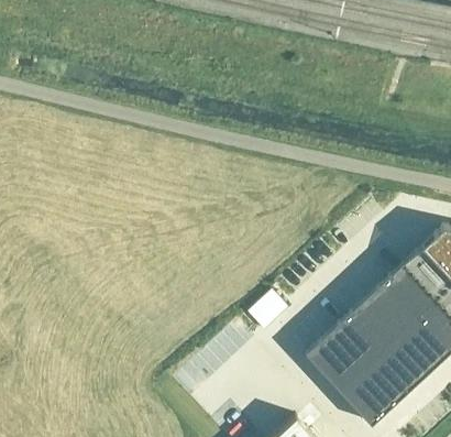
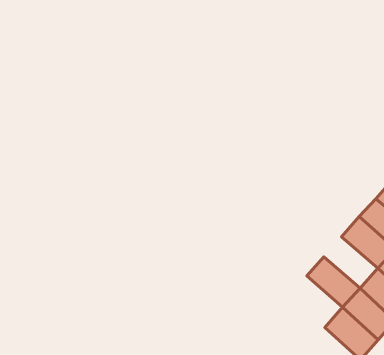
building: [343,303,397,357] -> none
building: [305,339,358,393] -> none

